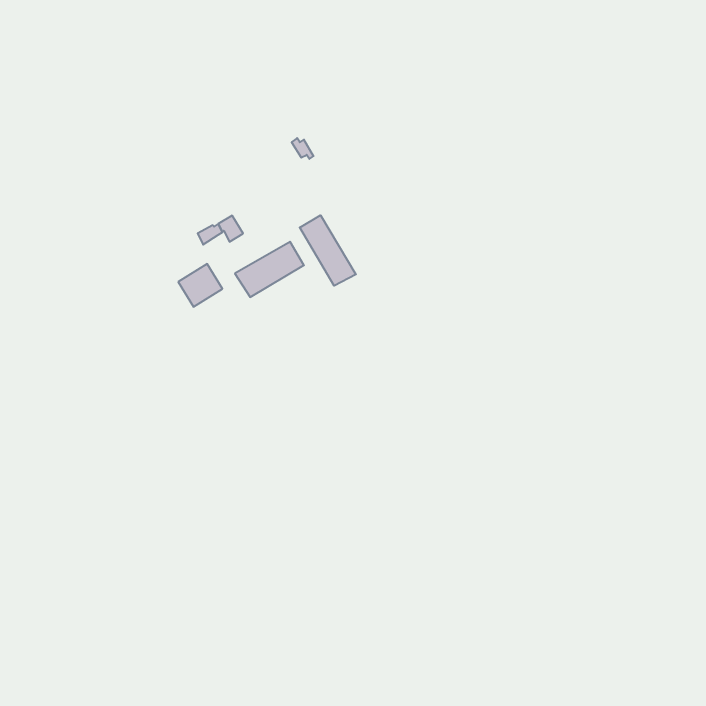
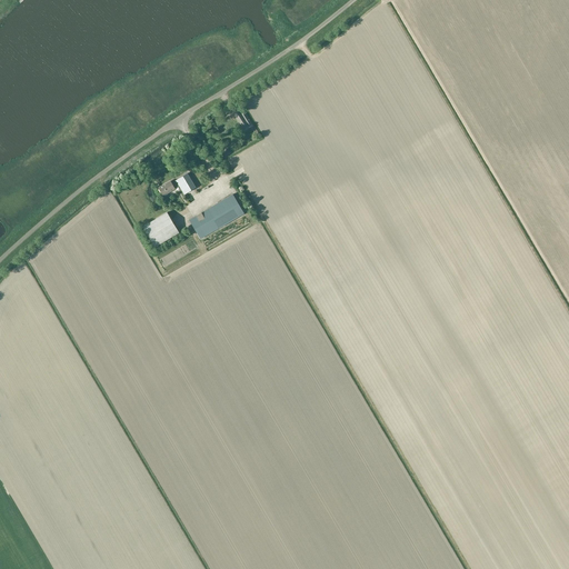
building: [300,215,356,286] -> none

